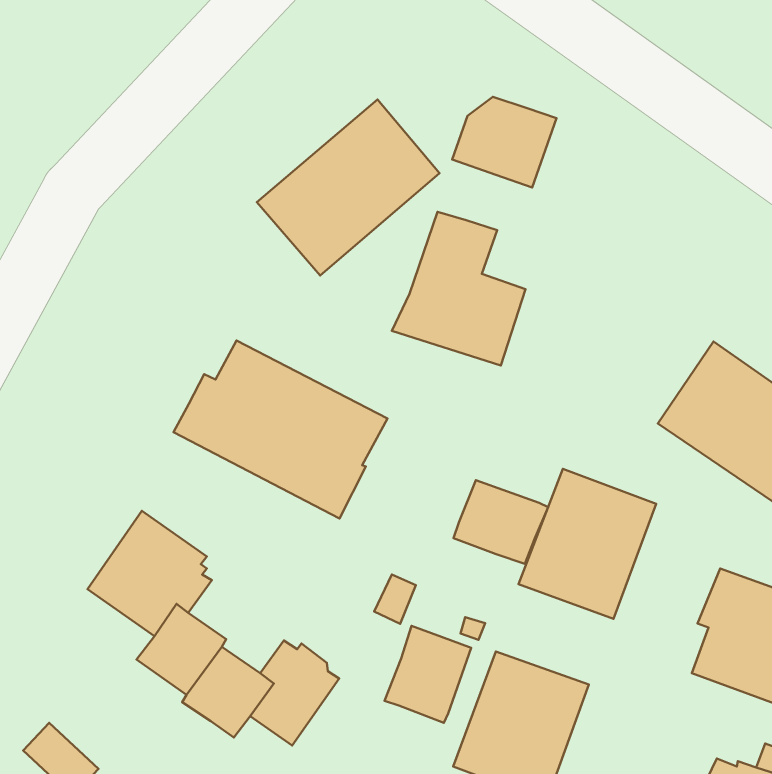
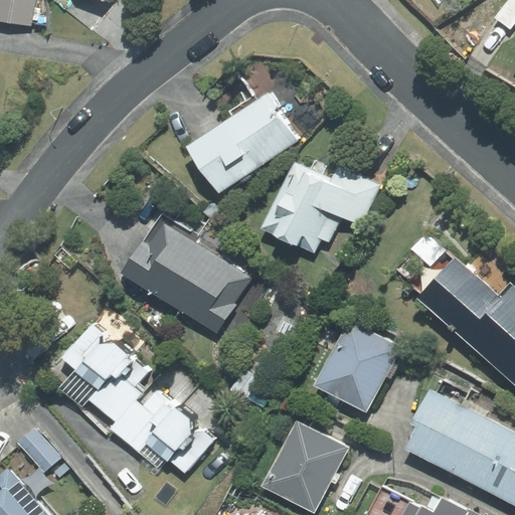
building: [452,97,556,187] -> [316,169,379,224]
building: [454,480,548,564] -> none
building: [384,626,471,723] -> none

